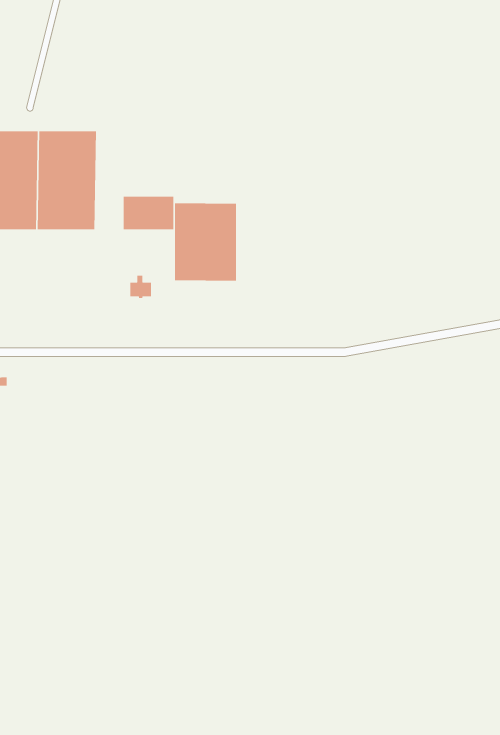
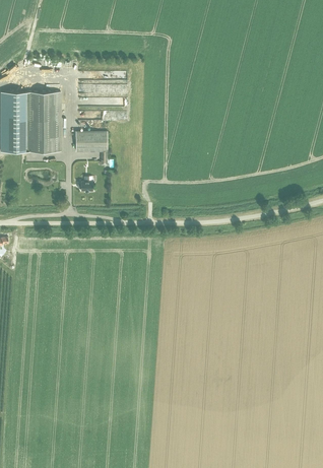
building: [174,202,237,282] -> none

